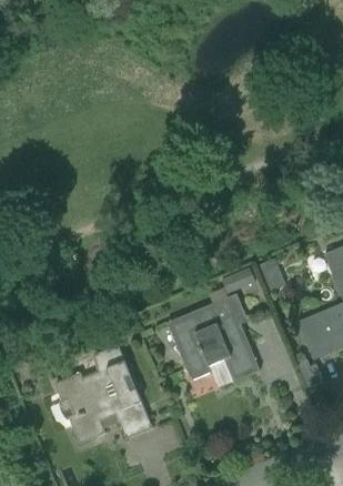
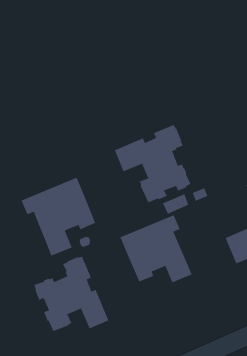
building: none -> [114,124,191,203]
building: none -> [21,177,96,256]

